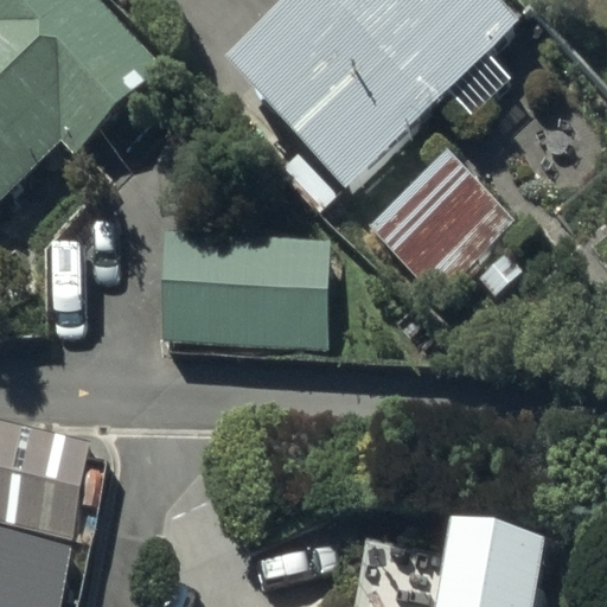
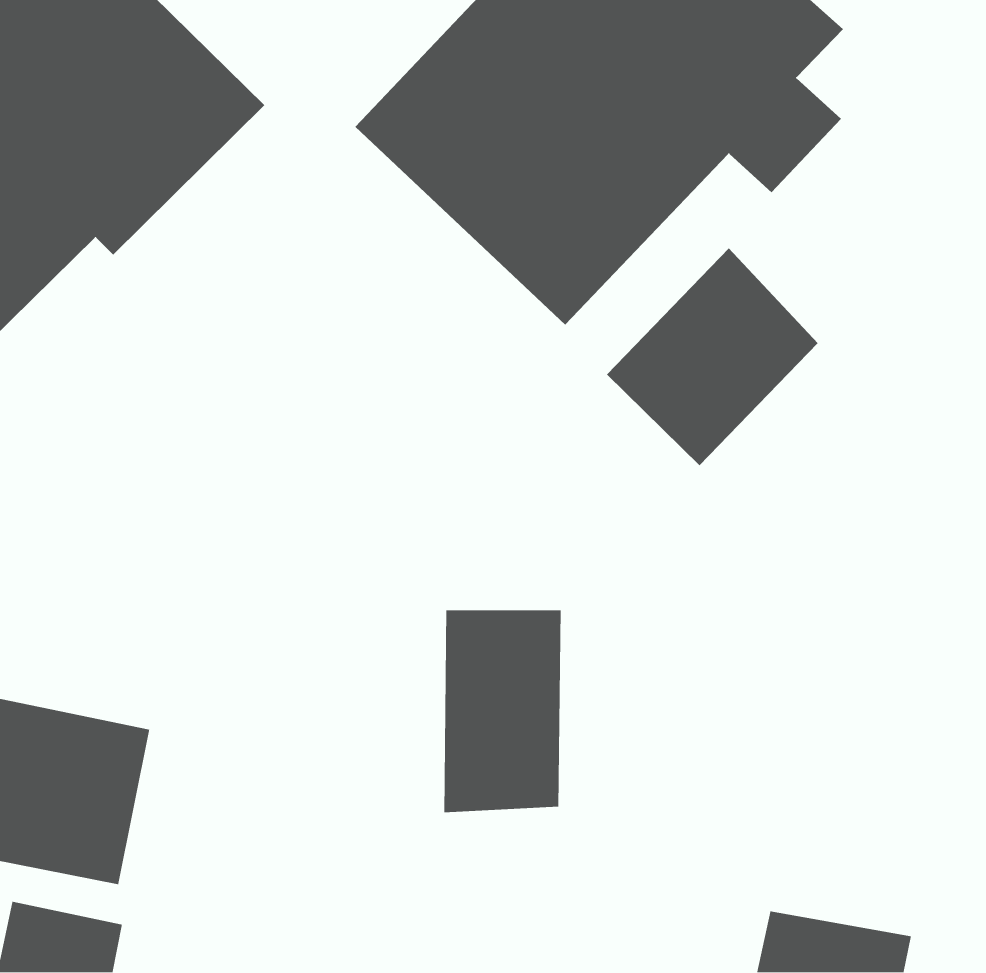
building: [158,228,328,338] -> none
building: none -> [443,609,561,813]

